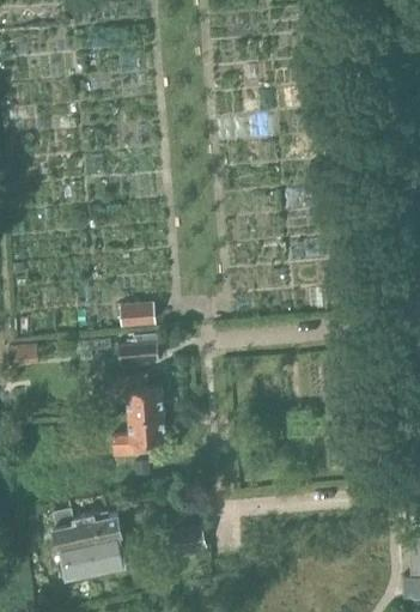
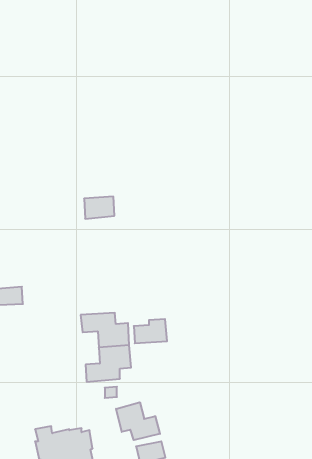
building: [120,303,156,329] -> [84,197,114,219]
building: [118,337,158,365] -> [134,319,167,343]
building: none -> [116,402,160,440]

